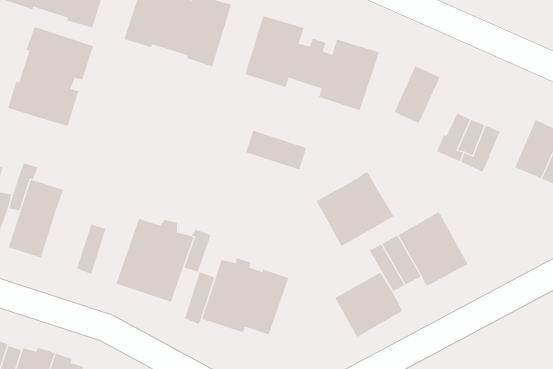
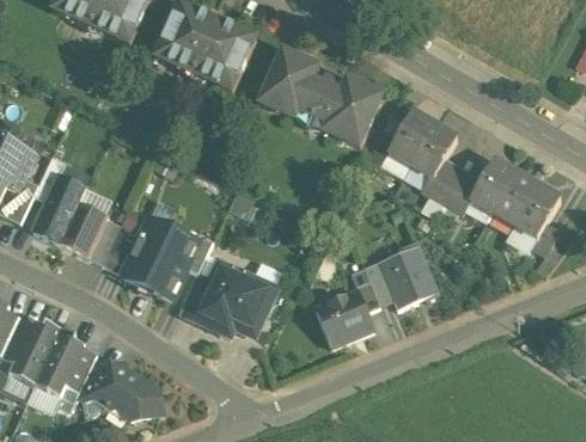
building: [8,26,94,127] -> none
building: none -> [409,123,456,176]
building: none -> [469,159,513,211]
building: [246,130,307,170] -> none
building: [316,172,394,247] -> none
building: none -> [57,199,106,254]

